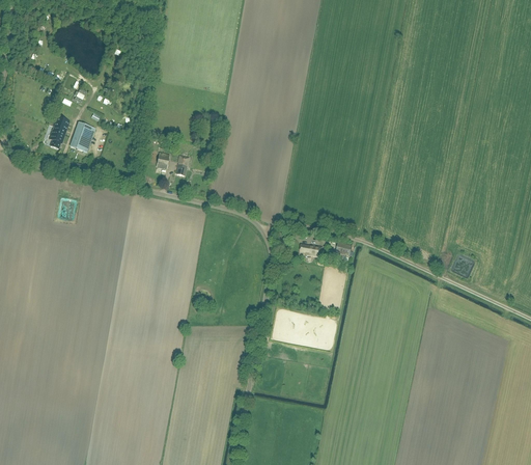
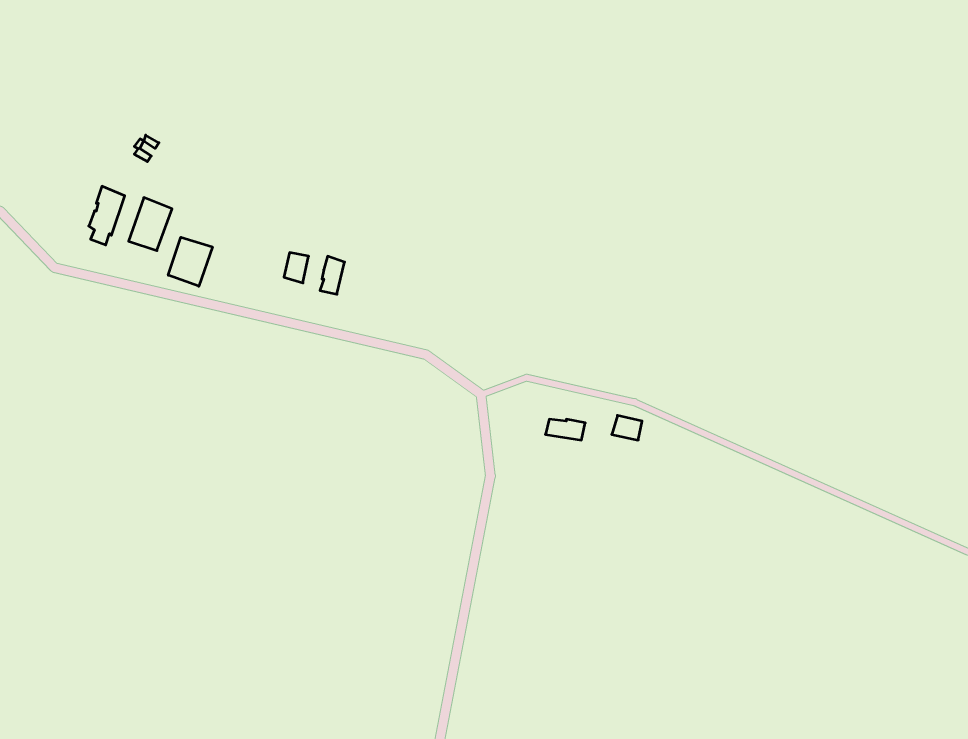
building: none -> [168,237,212,286]

